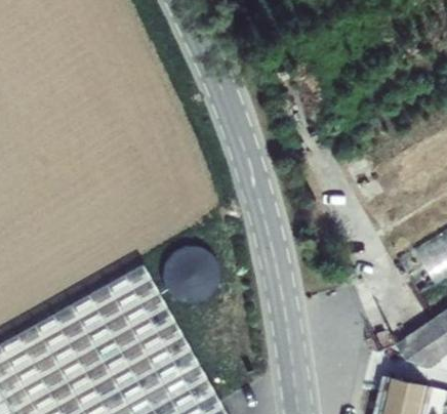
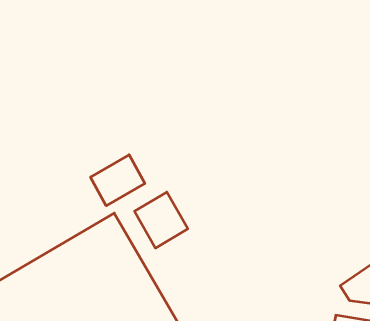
building: none -> [91,155,145,206]

